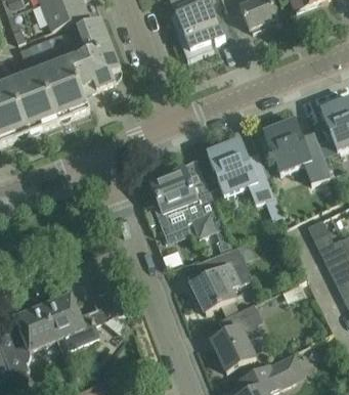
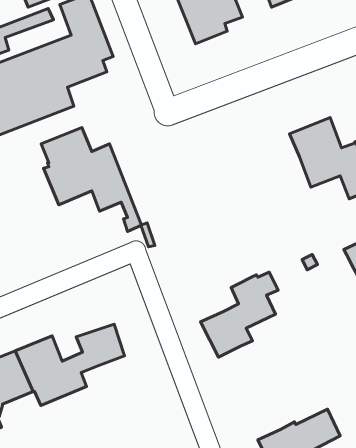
building: [207,138,281,218] -> none
building: [150,167,231,251] -> [41,127,141,231]
building: [210,301,262,369] -> none

